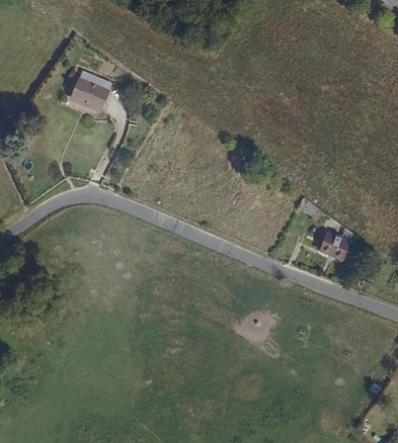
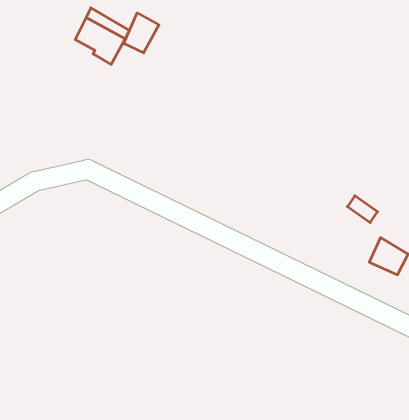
building: none -> [124,13,159,53]

